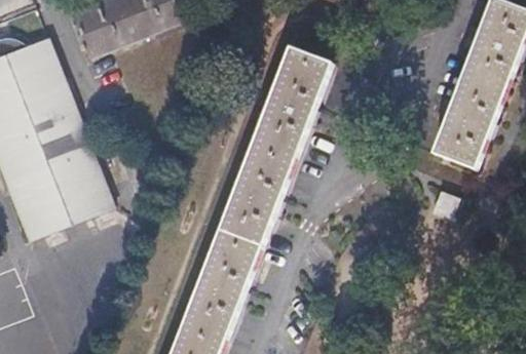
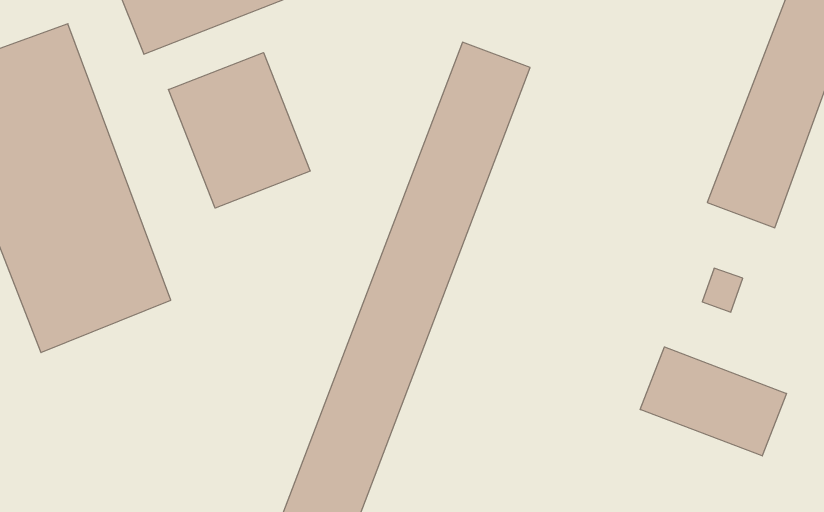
building: none -> [168,53,310,208]
building: none -> [640,347,786,456]

